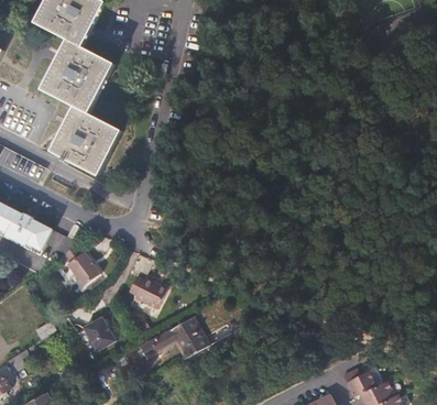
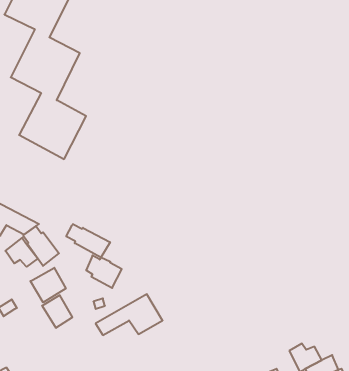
building: none -> [66,224,110,258]
building: none -> [5,238,38,267]
building: none -> [30,268,66,302]

